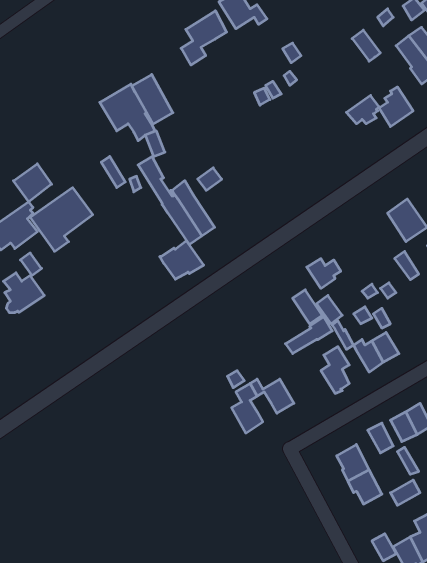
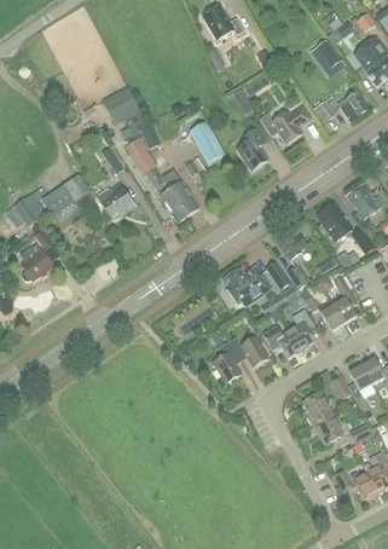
building: [181,11,227,65] -> none
building: [132,74,173,124] -> [190,120,225,162]
building: none -> [260,106,311,143]
building: none -> [237,127,267,169]
building: [13,164,52,202] -> none
building: none -> [318,202,352,239]
building: [160,241,204,279] -> [97,181,134,214]
building: none -> [224,265,267,305]
building: none -> [262,324,302,356]

